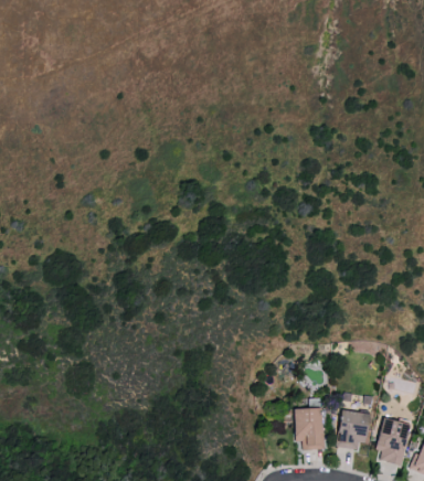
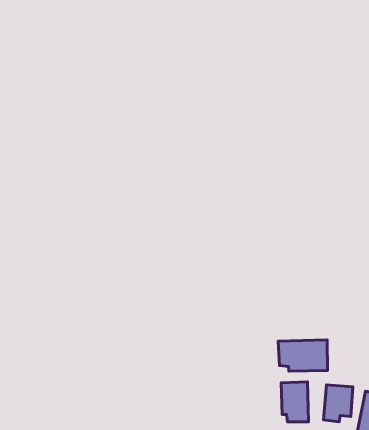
building: none -> [278,340,328,371]

